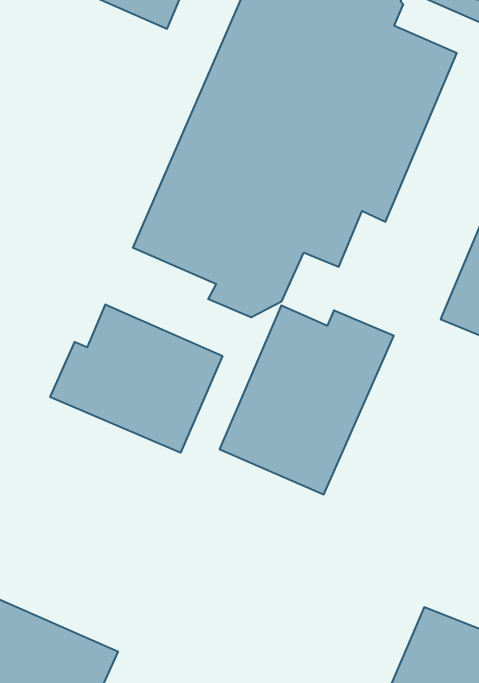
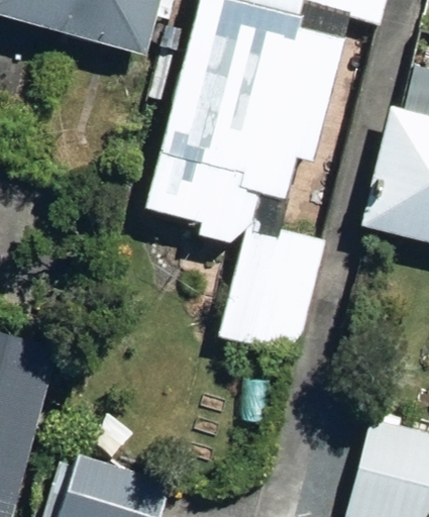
building: [50,304,222,453] -> none

